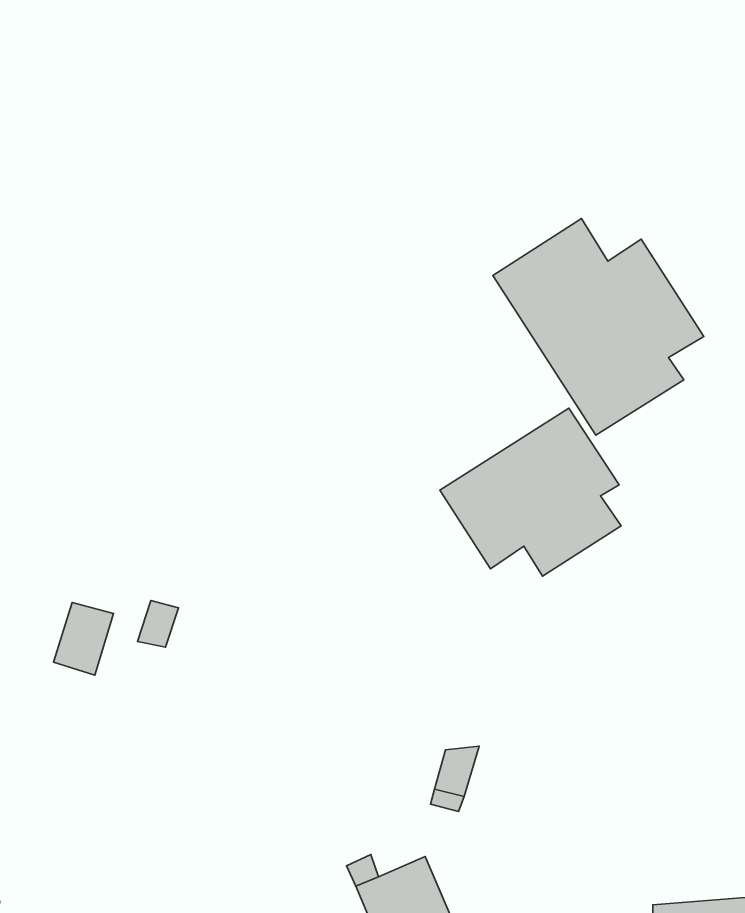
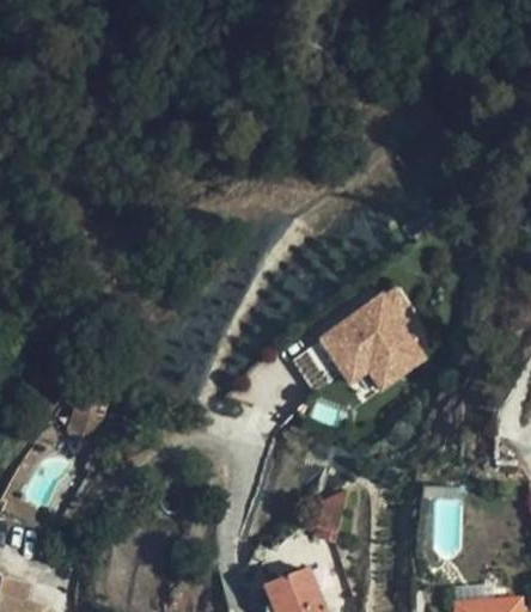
building: [493,218,704,435] -> none

